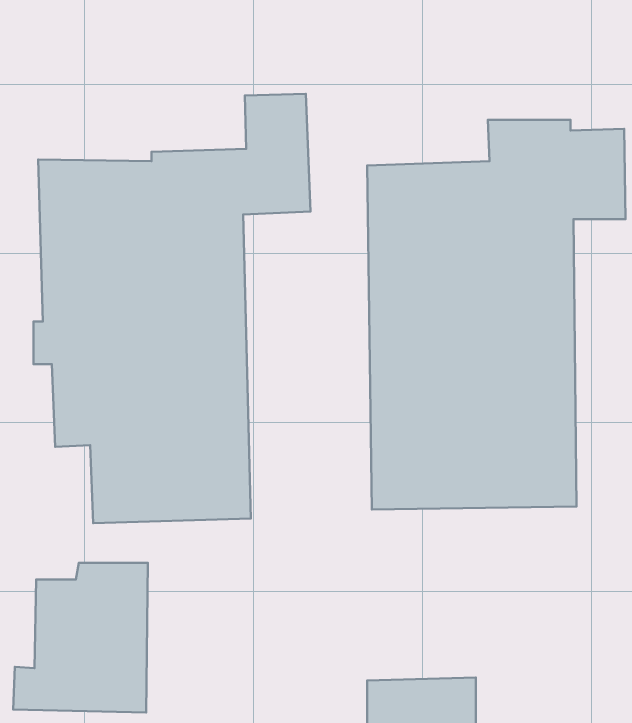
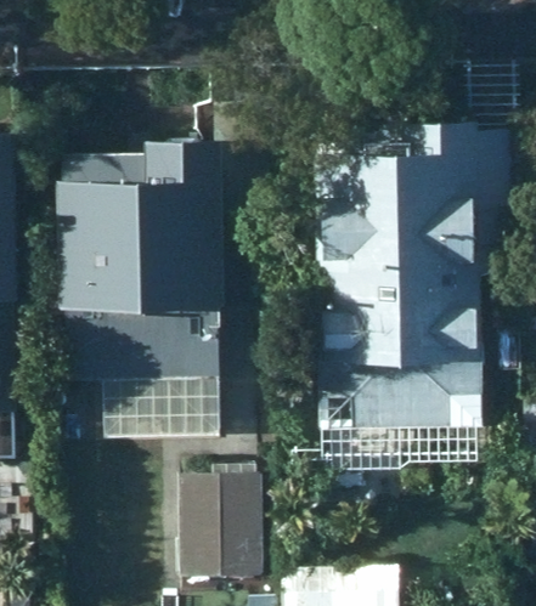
building: [13,563,148,713] -> [158,461,265,580]

